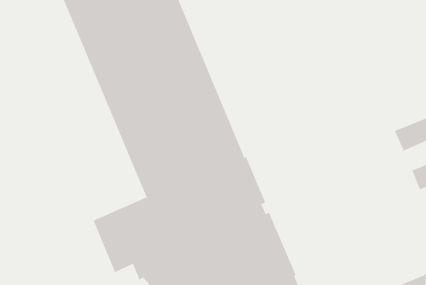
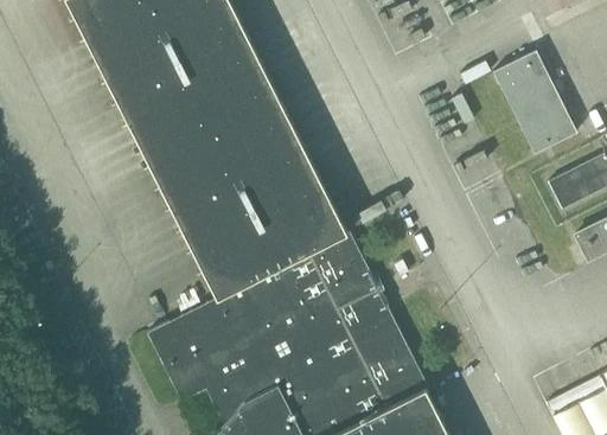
building: none -> [494,53,577,156]

